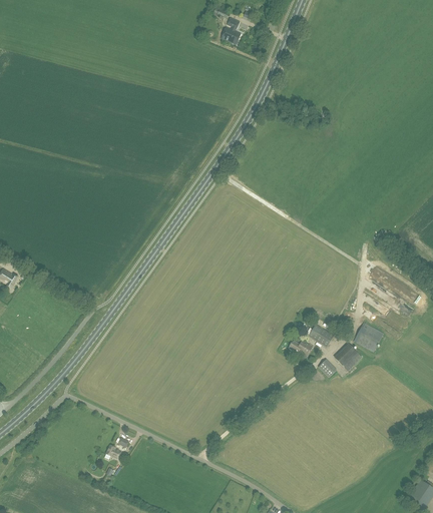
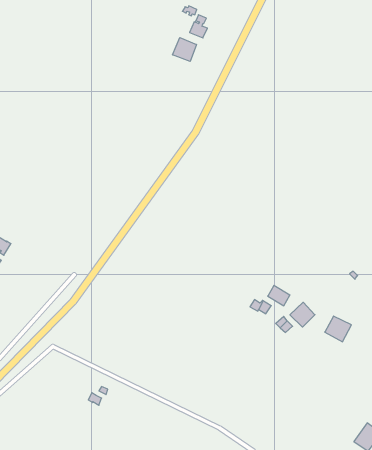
building: none -> [173,38,196,61]
building: [353,322,383,351] -> [325,316,351,342]

